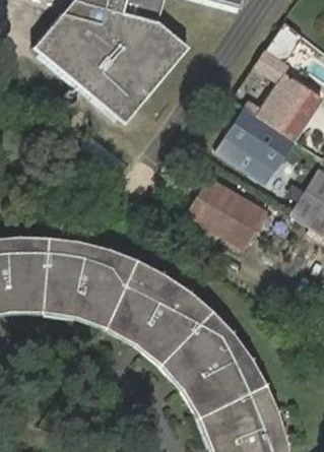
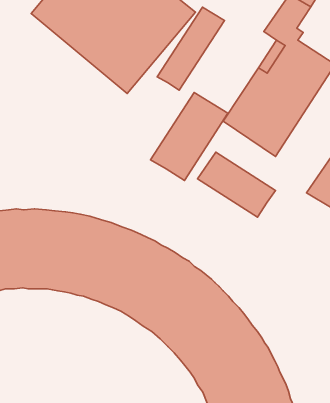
building: none -> [157,7,225,90]
building: none -> [151,92,228,181]

